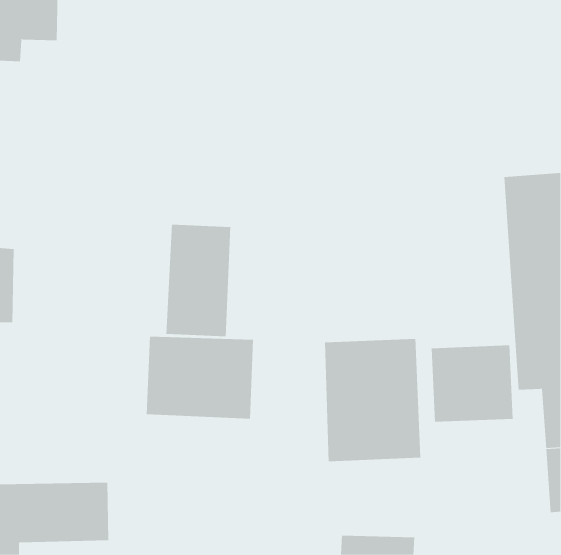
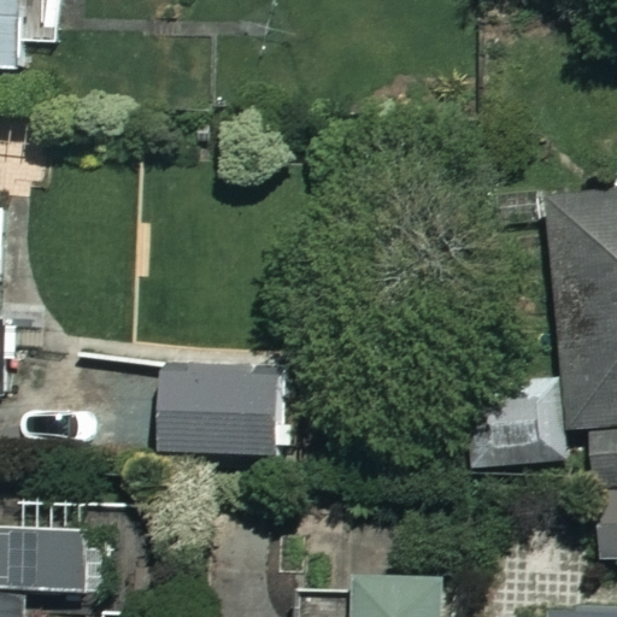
building: [166,224,231,337] -> none
building: [324,338,421,462] -> none

